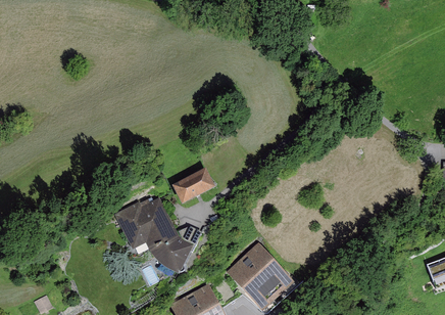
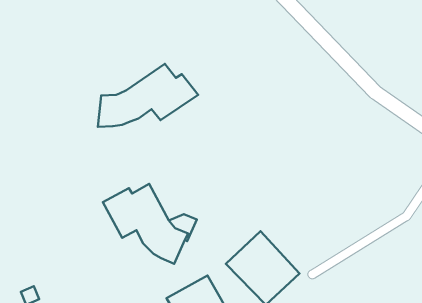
building: none -> [98,64,198,127]
building: [169,170,210,204] -> none

